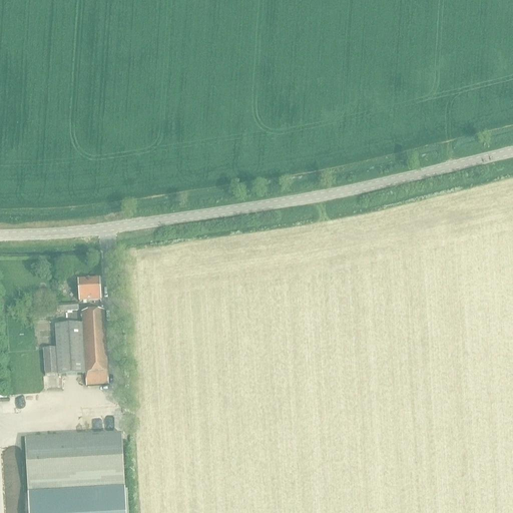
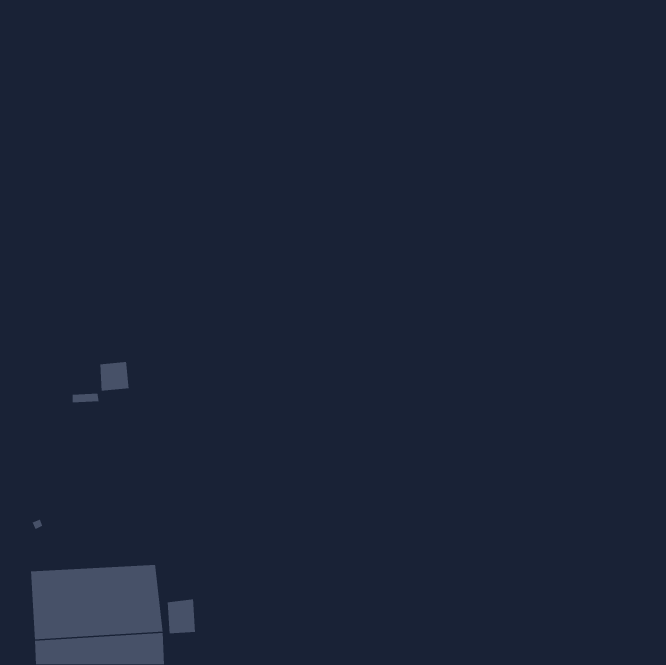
building: [41,309,106,384] -> none
building: none -> [167,599,196,634]

